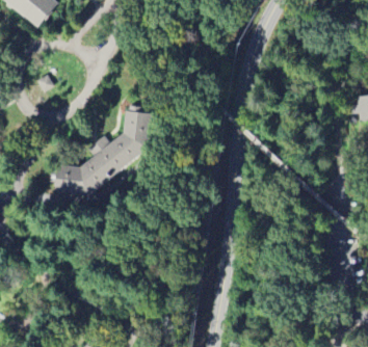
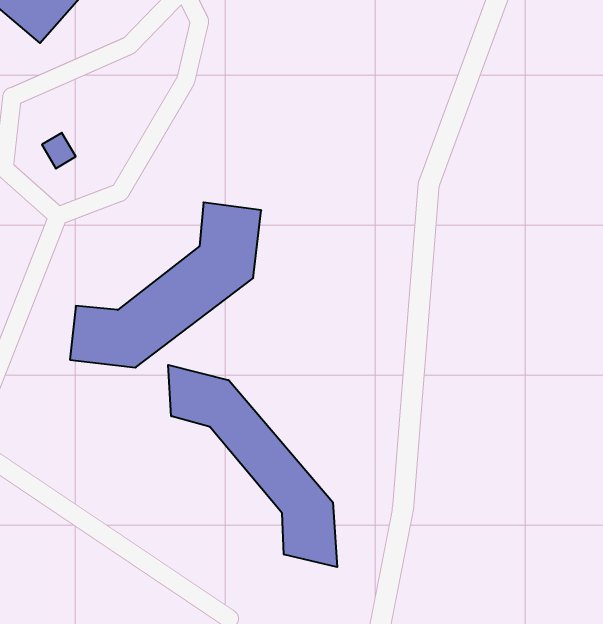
building: none -> [168,365,337,567]

